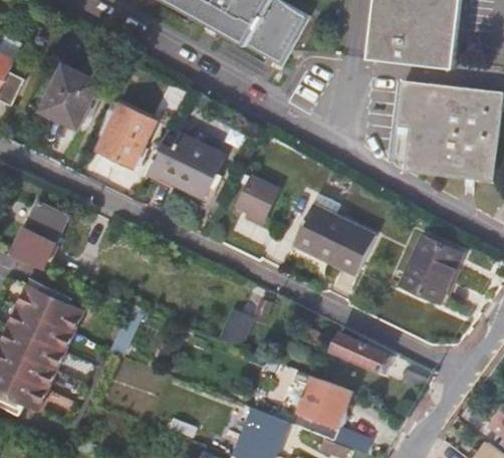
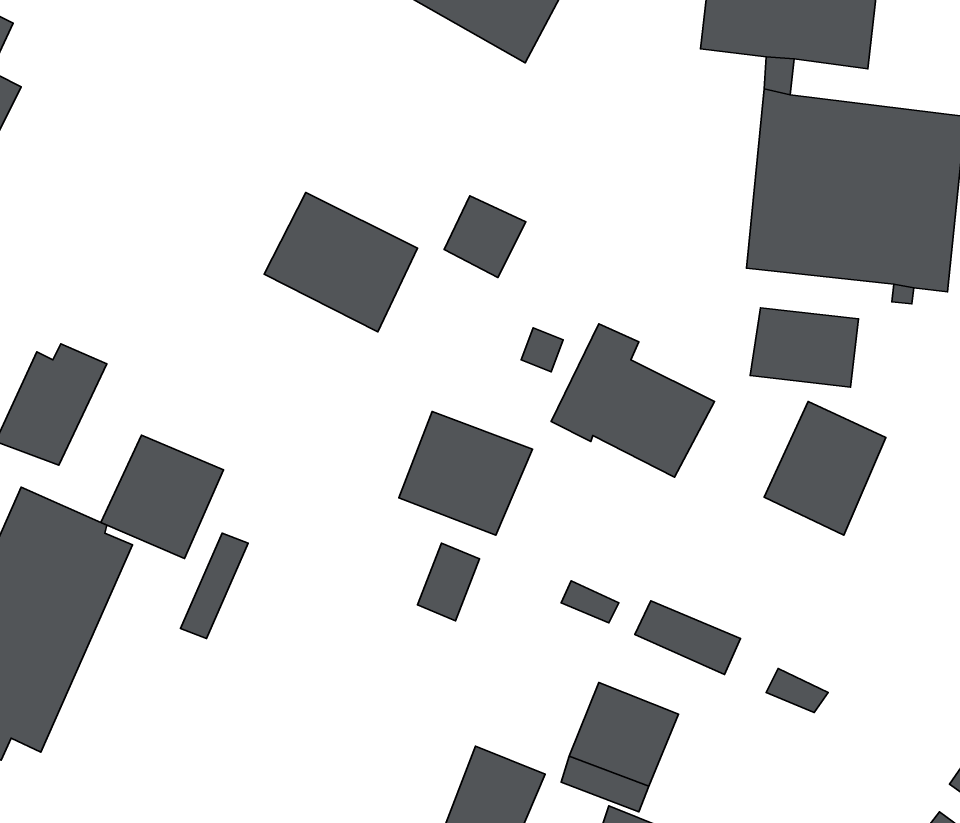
building: [41,66,99,132] -> none
building: [98,106,153,168] -> none
building: [238,174,279,215] -> [444,196,526,278]
building: none -> [750,308,858,387]
building: none -> [399,412,532,535]
building: none -> [101,435,223,559]

